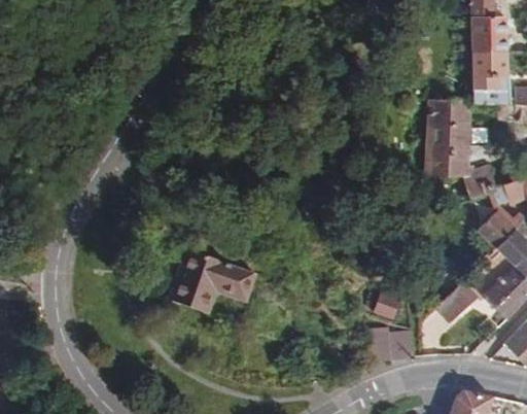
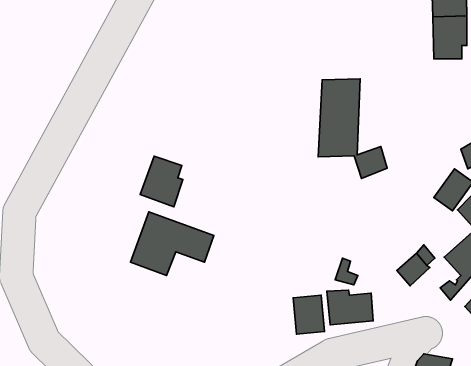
building: [427,97,496,197] -> [318,79,387,178]
building: none -> [140,156,183,207]
building: none -> [293,295,325,334]

